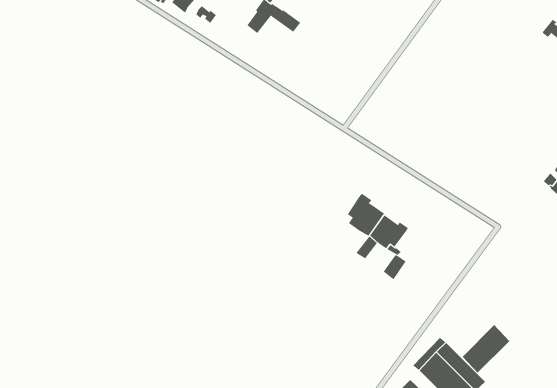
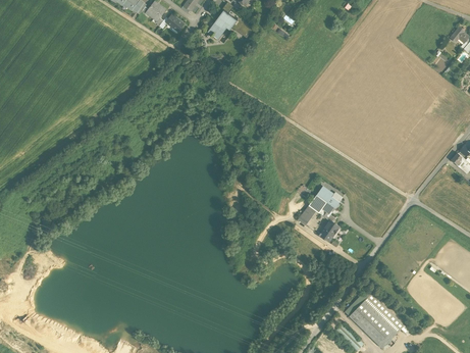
building: [346,193,385,237] -> none
building: [462,324,510,374] -> none

